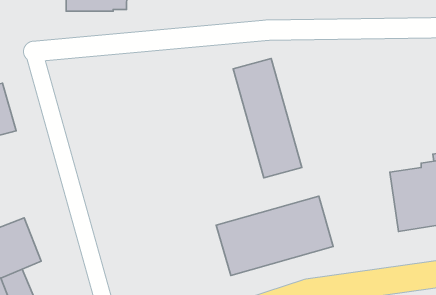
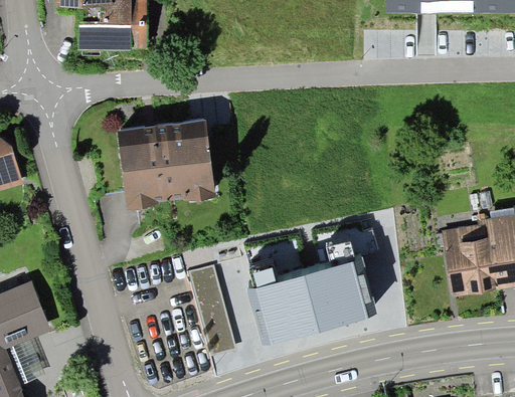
building: [233,59,302,178] -> none
building: none -> [116,121,214,210]
building: none -> [188,264,235,355]

